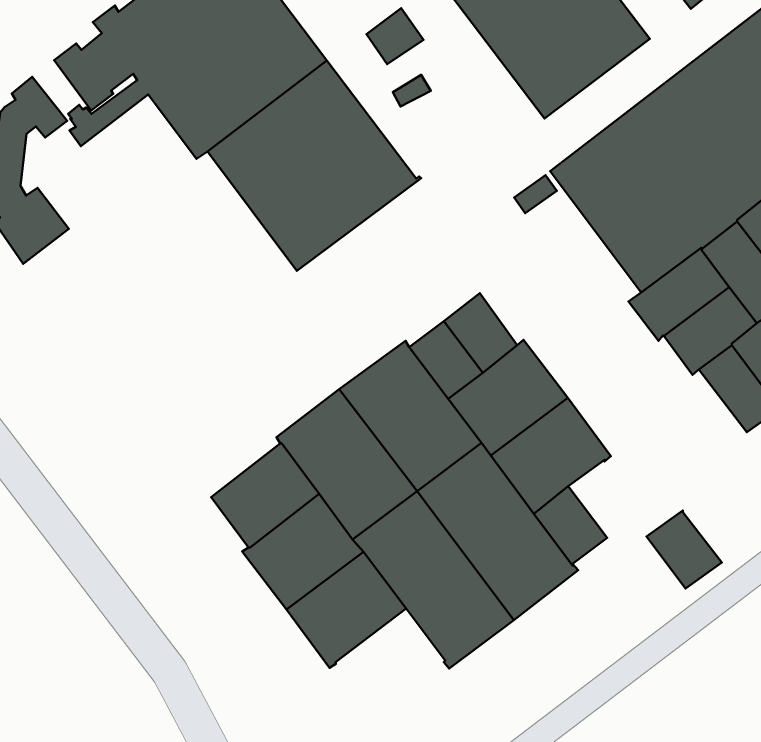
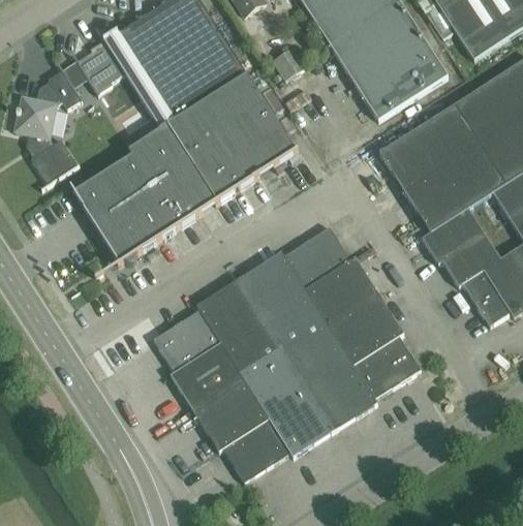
building: none -> [70,123,217,262]
building: [646,511,722,589] -> [375,334,421,382]
building: none -> [222,416,290,481]

